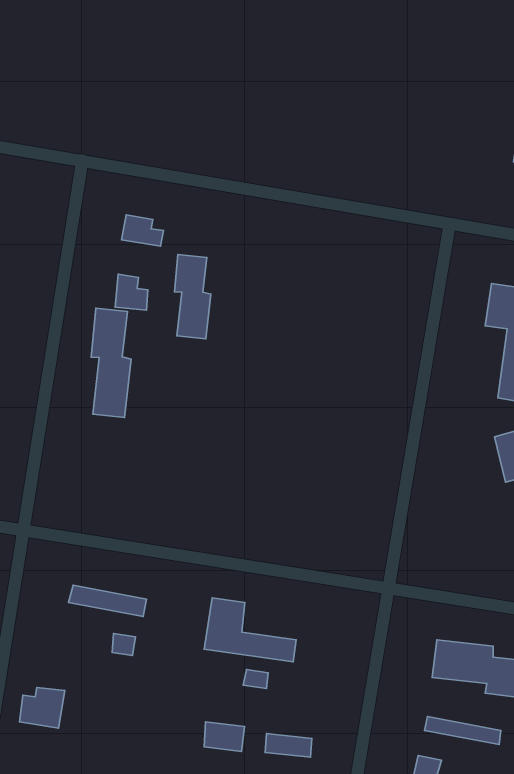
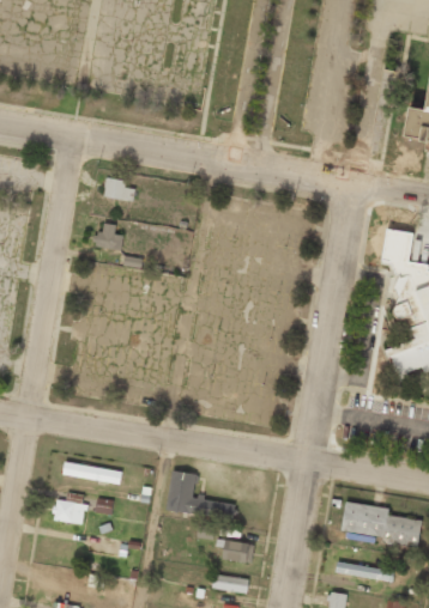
building: [174,254,211,339] -> none
building: [91,308,131,418] -> none
building: [20,687,65,728] -> [53,493,87,524]
building: [204,722,245,752] -> [222,540,253,563]

